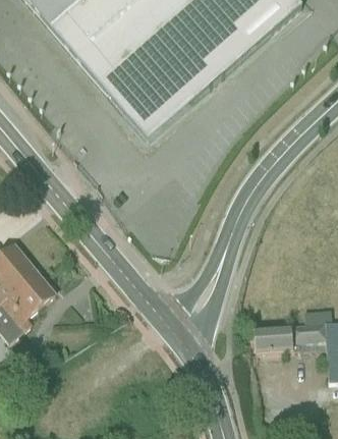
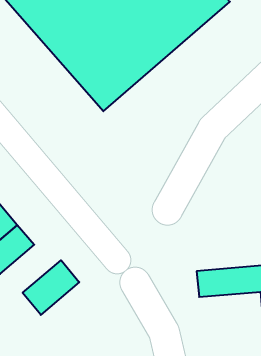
building: none -> [23,260,79,315]

